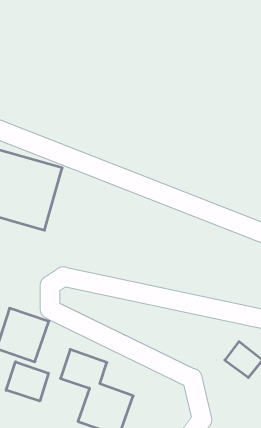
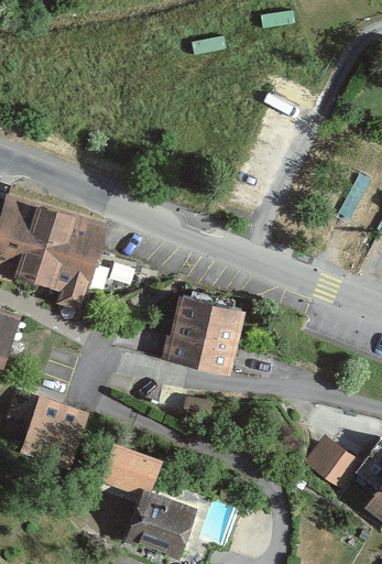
building: none -> [162,295,242,378]
building: [6,362,48,401] -> none

